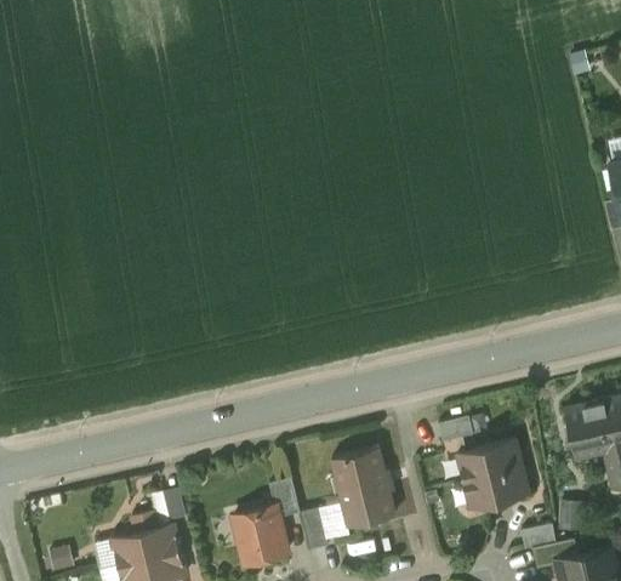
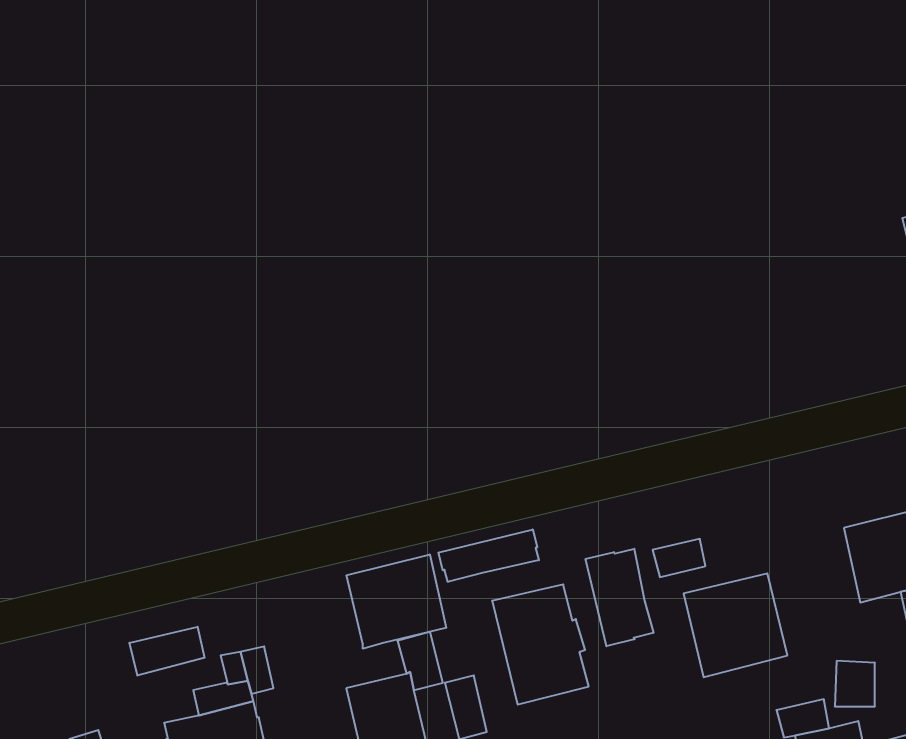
building: none -> [438,529,539,582]
building: none -> [586,549,653,646]
building: none -> [347,554,446,649]
building: none -> [129,627,205,676]

